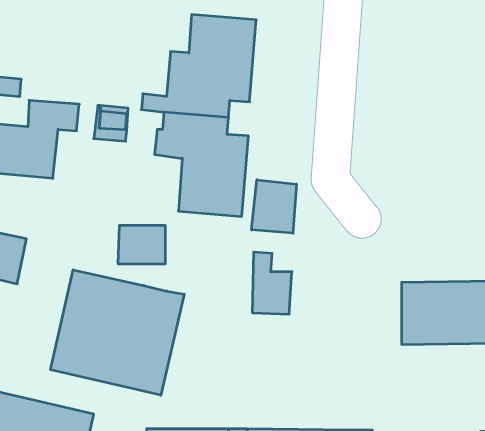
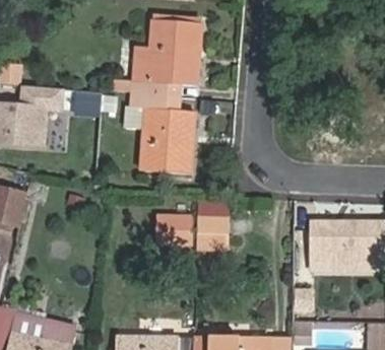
building: [252,180,296,233] -> none
building: [118,226,165,264] -> [154,215,191,244]
building: [51,270,184,395] -> none

